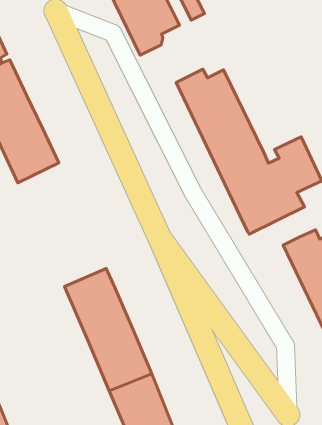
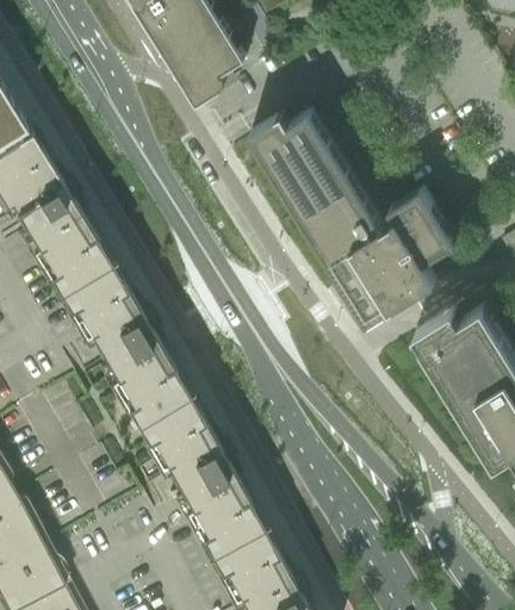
building: none -> [56,255,185,417]

